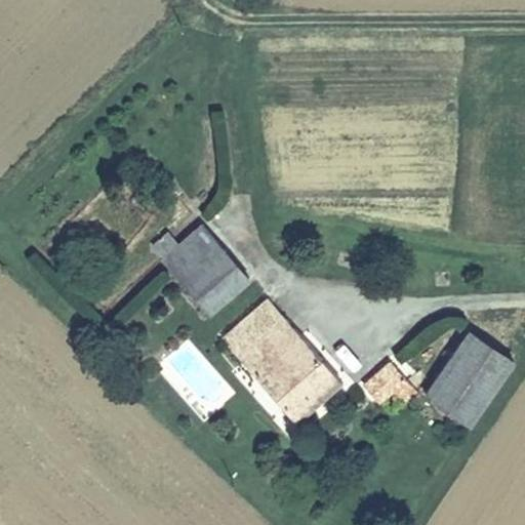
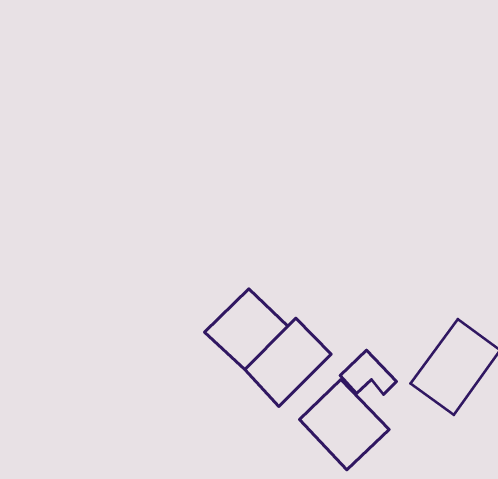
building: [151,227,244,318] -> none
building: none -> [299,380,389,470]

